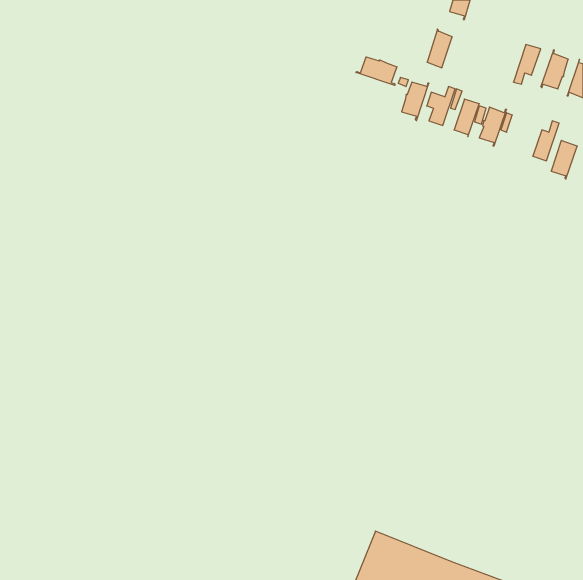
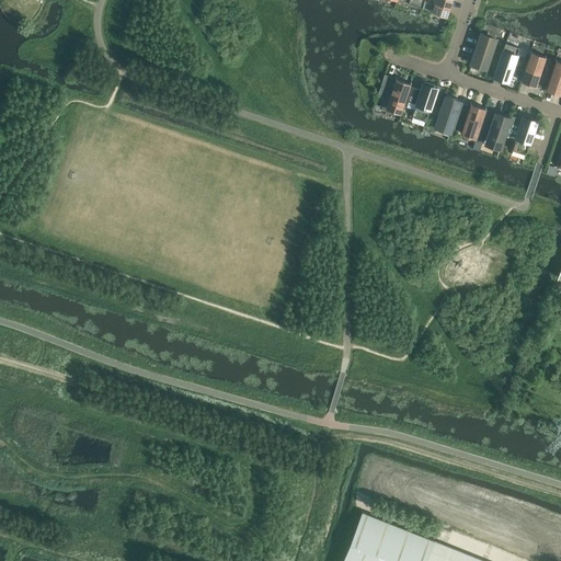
building: [427,29,452,68] -> [471,34,495,71]
building: [356,57,397,85] -> none
building: [551,140,577,179] -> [485,114,511,151]

